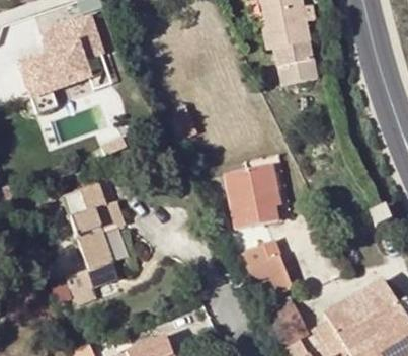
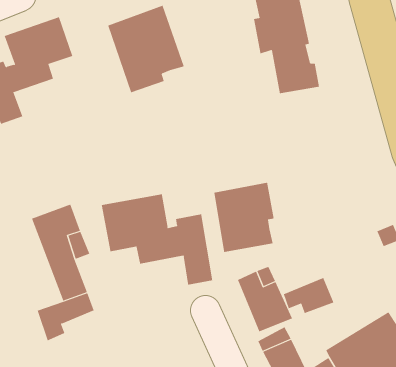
building: none -> [107,5,184,93]
building: none -> [101,193,213,285]
building: none -> [283,277,334,314]

